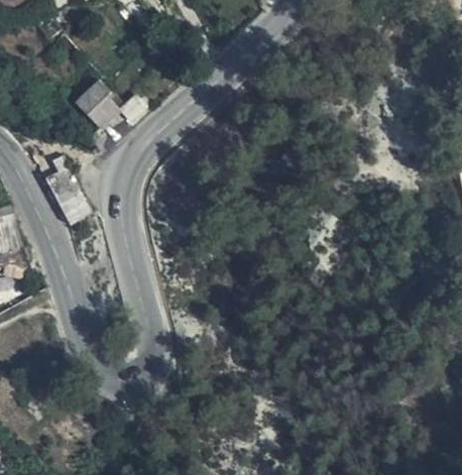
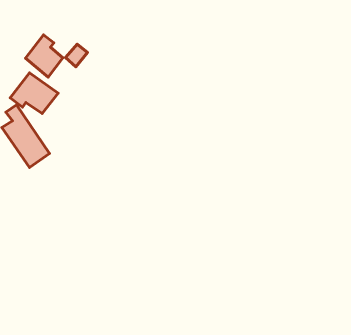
building: none -> [10,73,58,114]

